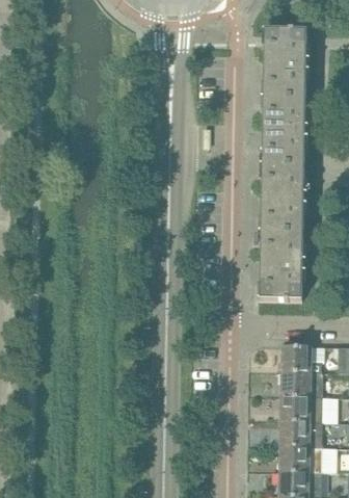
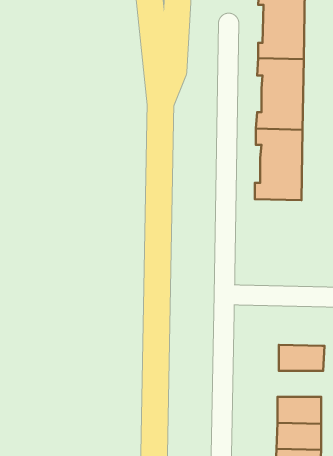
building: [257,233,302,302] -> none
building: [280,346,322,373] -> none
building: [279,397,323,423] -> none

